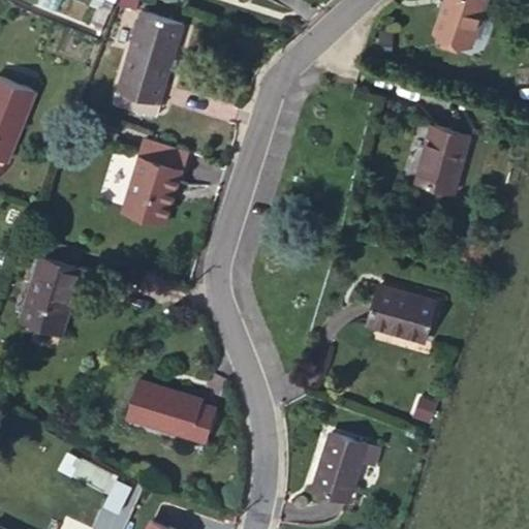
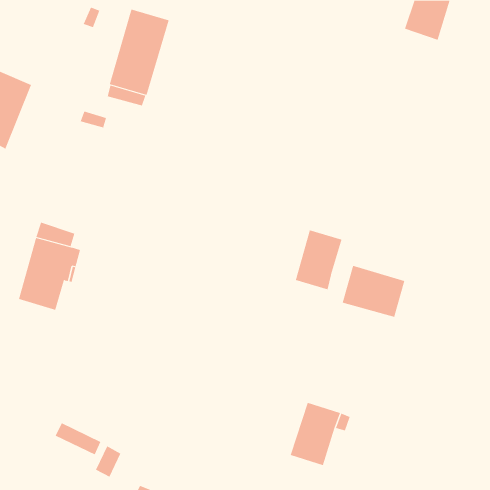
building: [415,126,468,194] -> none
building: [122,141,186,224] -> none
building: none -> [295,230,342,290]
building: [126,380,214,442] -> none

